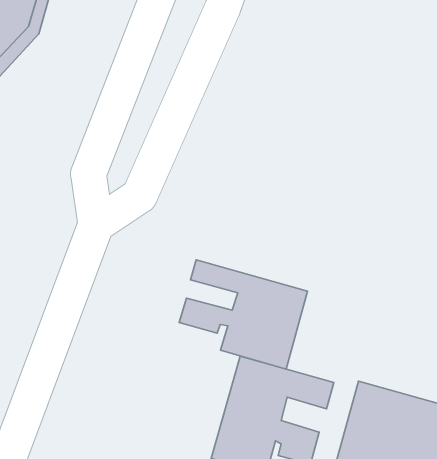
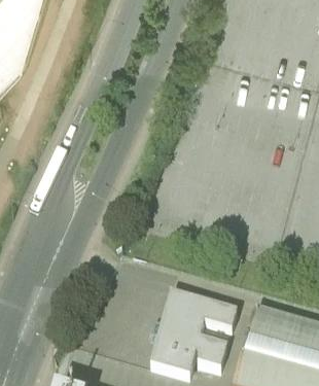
building: [179,260,307,369] -> none

